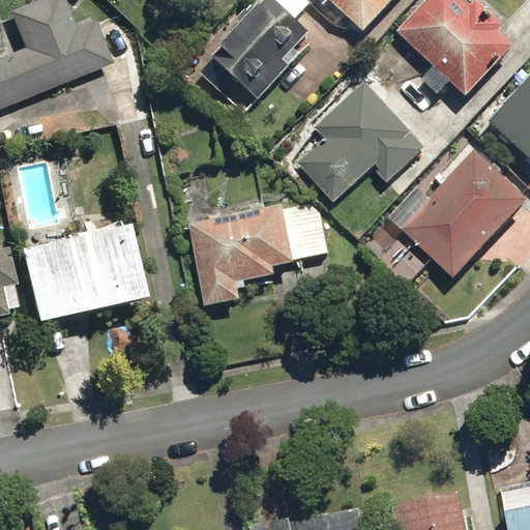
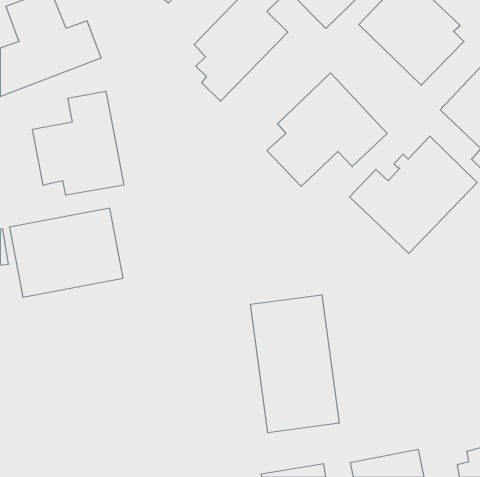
building: none -> [33,91,124,195]
building: [188,199,327,306] -> none
building: none -> [251,295,339,433]

